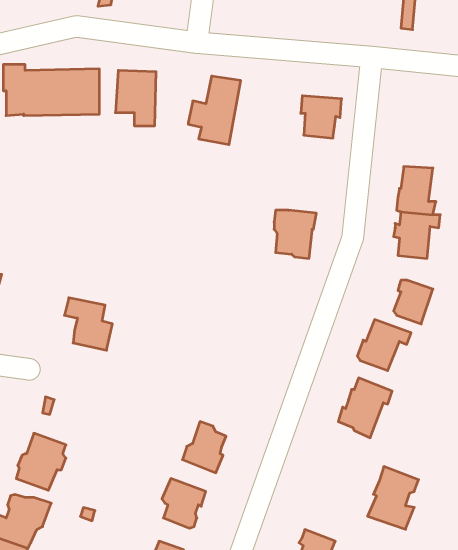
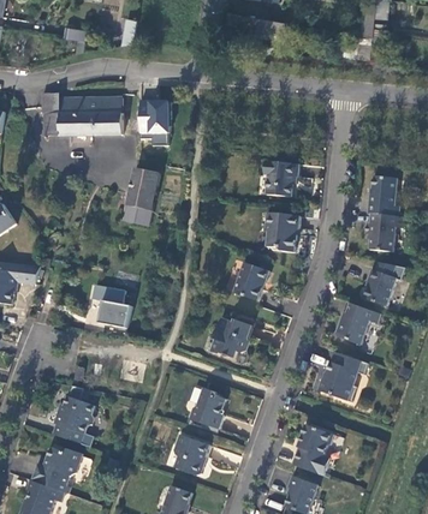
building: [188,76,241,145] -> [115,168,159,225]
building: [301,96,342,138] -> [266,161,299,196]
building: none -> [233,262,271,300]
building: none -> [212,317,251,357]
building: [368,467,419,529] -> [291,423,333,474]

